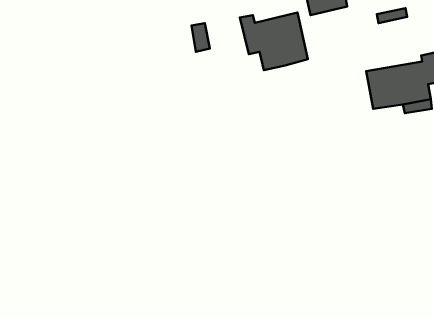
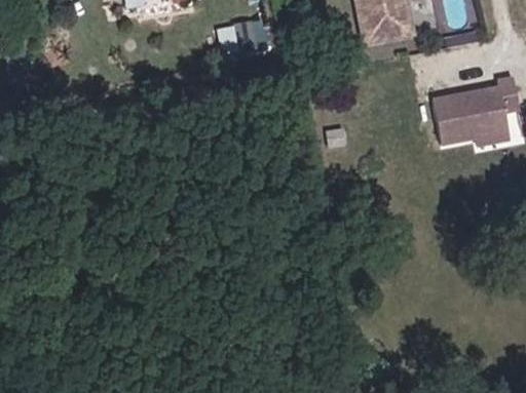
building: [240,12,308,70] -> none

